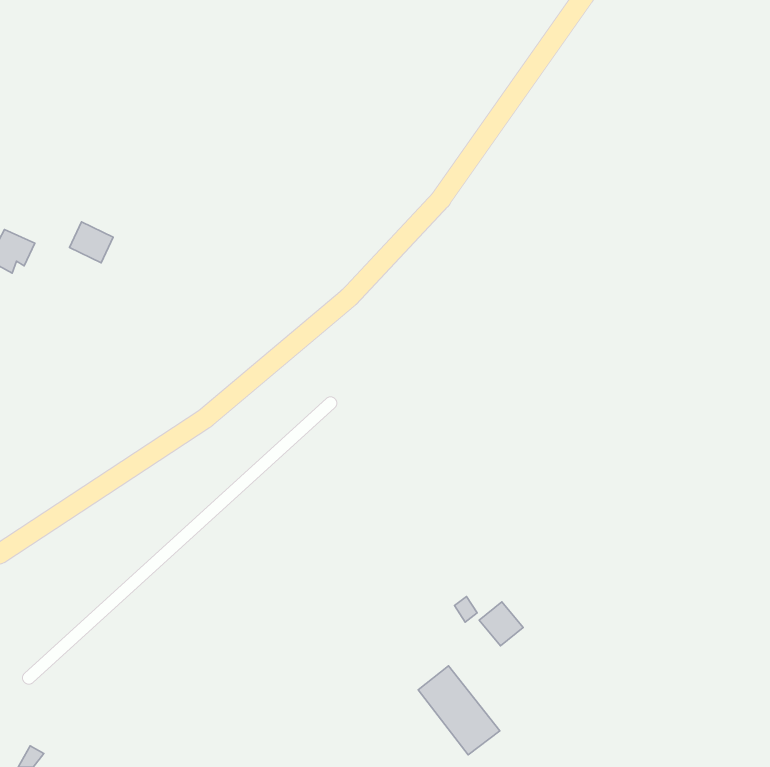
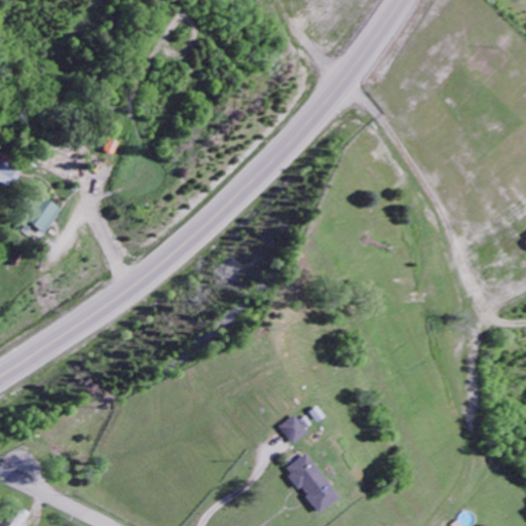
building: none -> [29,198,61,233]
building: [479,602,523,646] -> [278,415,308,445]

